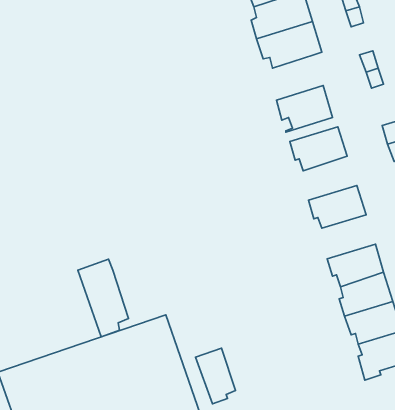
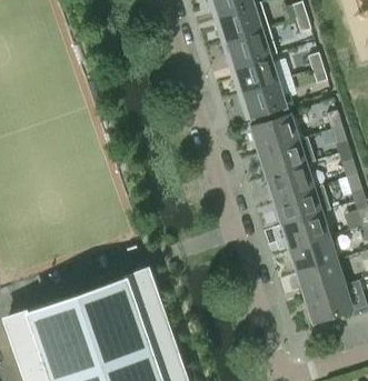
building: none -> [233,57,278,94]
building: none -> [260,138,316,178]
building: none -> [276,187,331,227]
building: [78,259,129,337] -> none
building: [196,348,235,404] -> none

